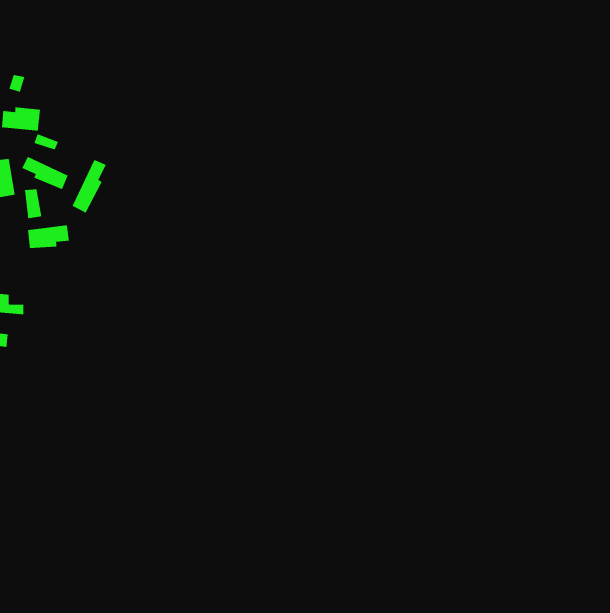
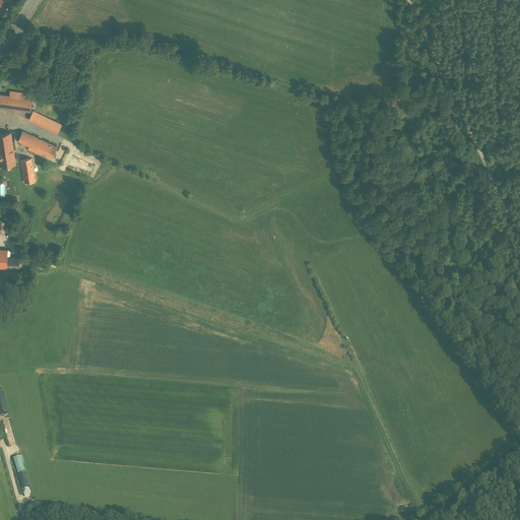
building: [72,159,106,214] -> none
building: [28,224,70,249] -> none

